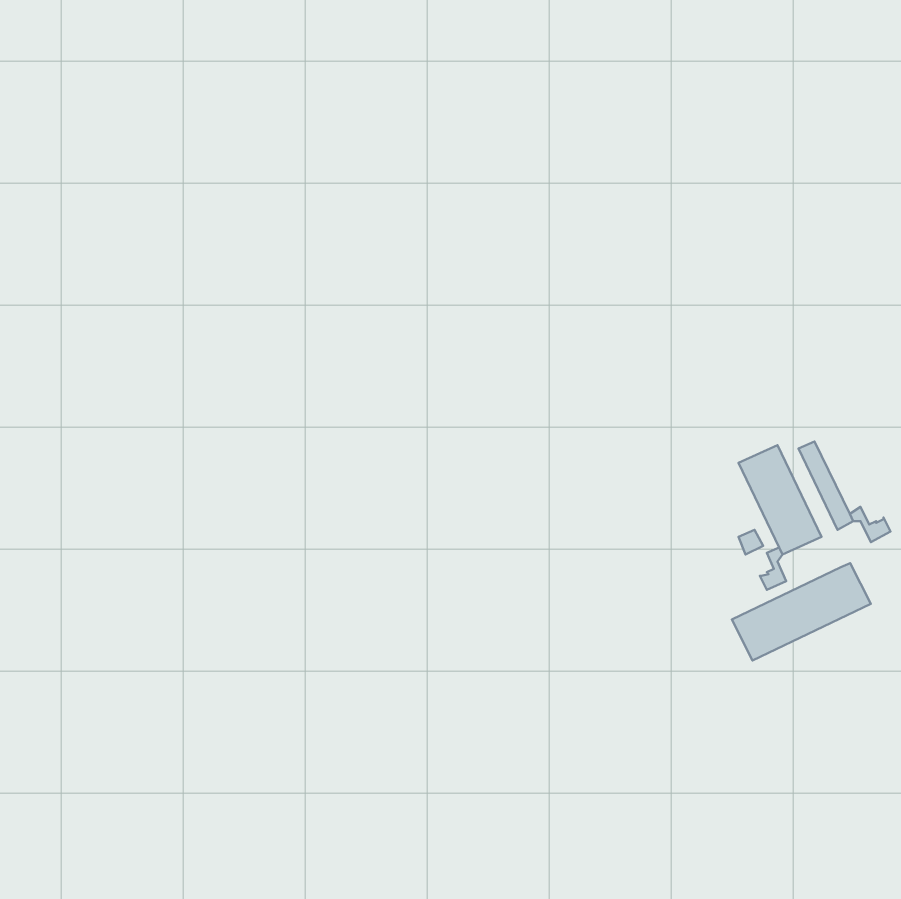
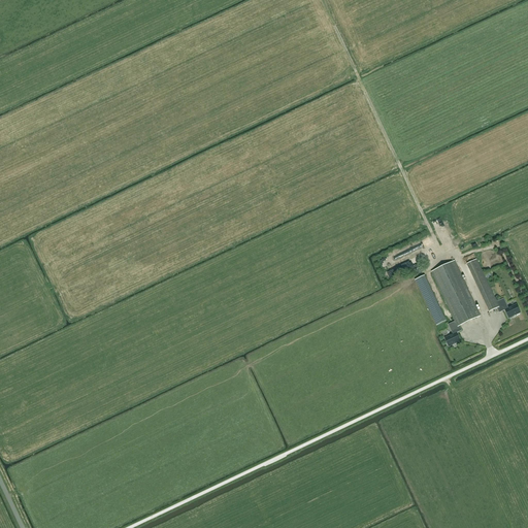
building: [732,563,871,661] -> none

